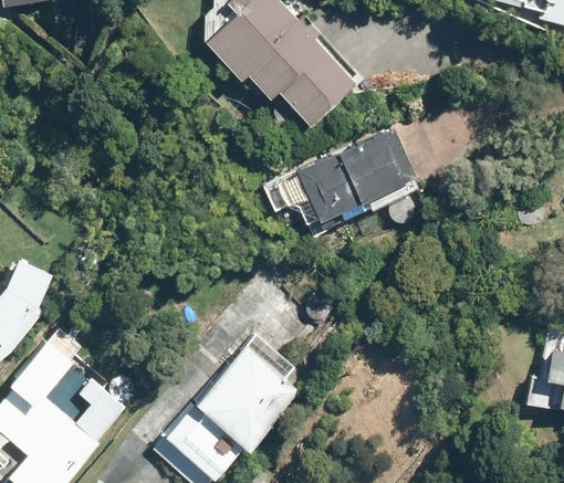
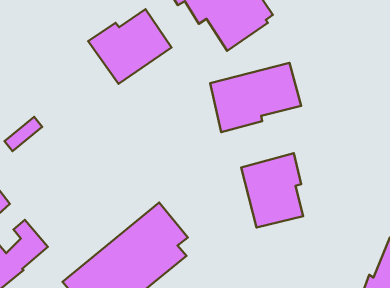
building: none -> [88,9,171,84]
building: none -> [241,153,303,228]

